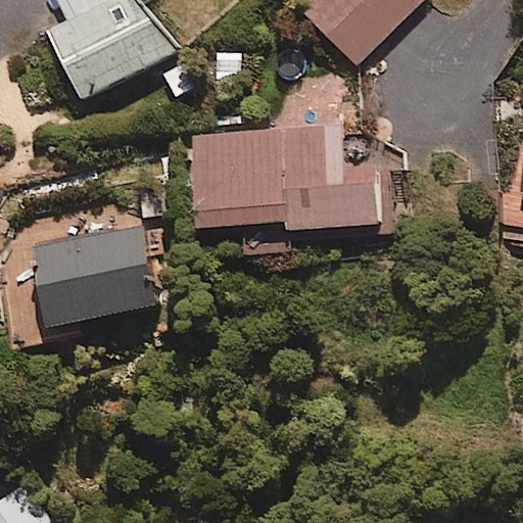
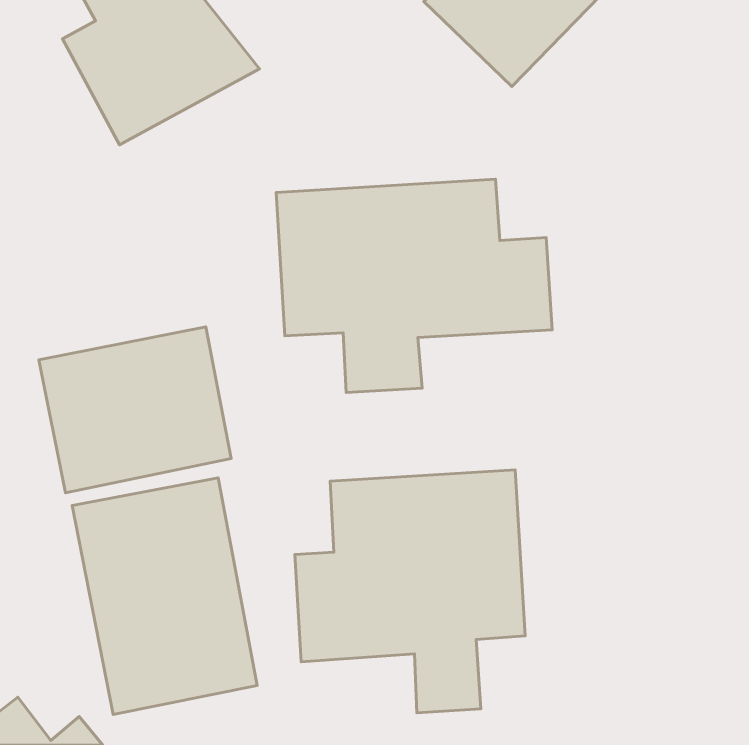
building: none -> [295,470,525,713]
building: none -> [72,478,257,714]

